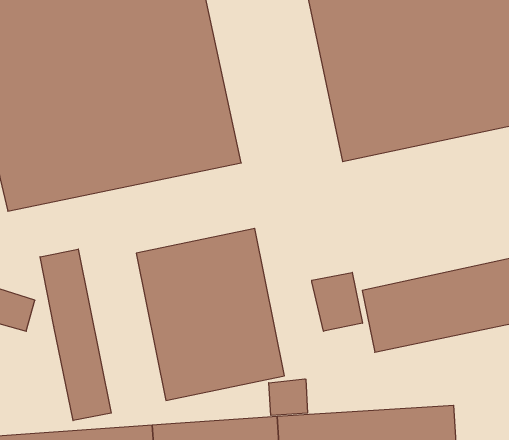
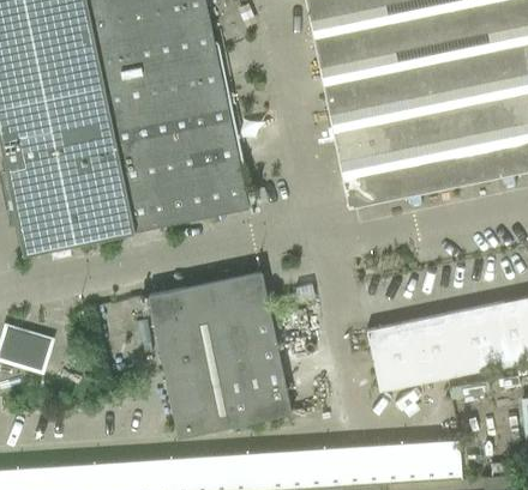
building: [40,249,111,421] -> none
building: [312,272,362,331] -> none
building: [269,379,308,415] -> none

